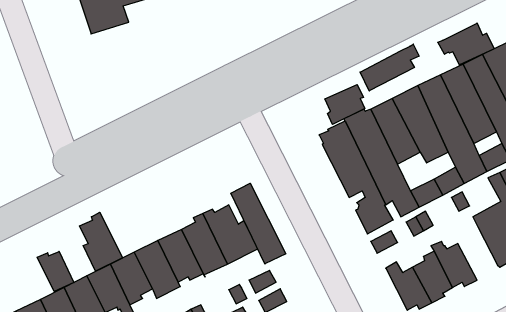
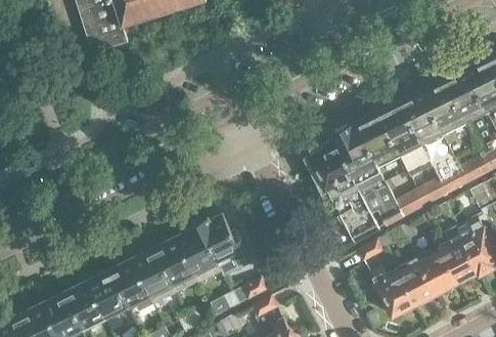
building: [438,23,494,65] -> none
building: [360,44,419,91] -> none
building: [325,85,365,124] -> none
building: [231,183,286,264] -> none
building: [80,212,123,271] -> none
building: none -> [440,224,478,285]
building: [37,251,74,291] -> none

